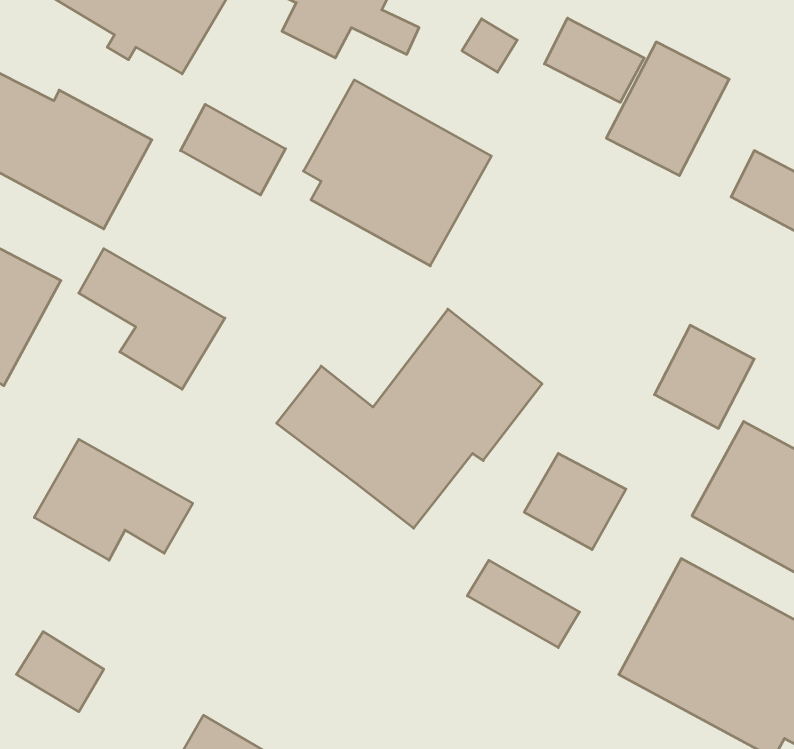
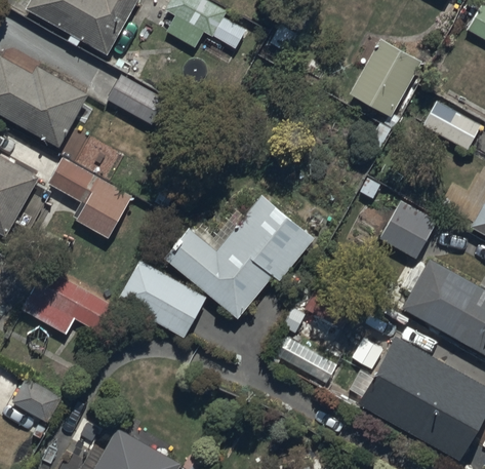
building: [544,18,644,102] -> none
building: [303,80,491,266] -> none
building: none -> [117,259,208,338]

